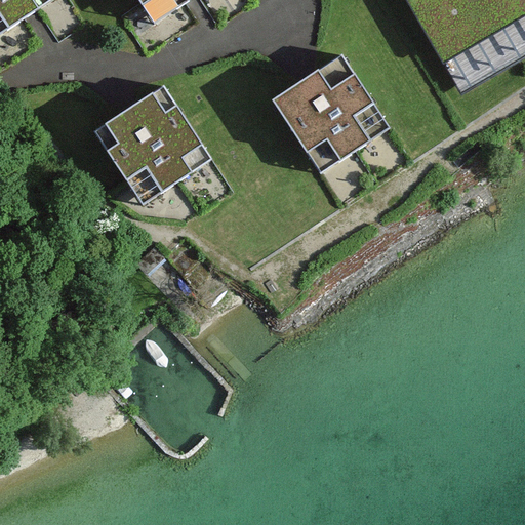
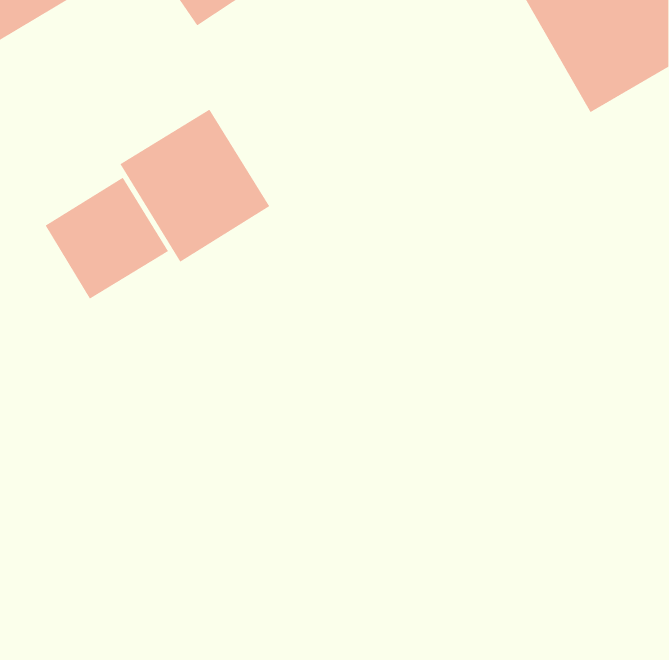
building: [271,52,390,170] -> none
building: none -> [45,177,169,299]

